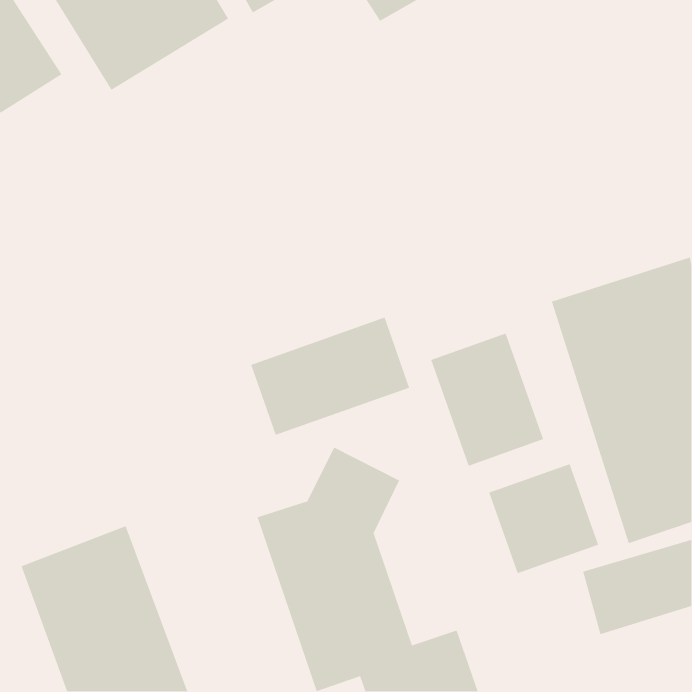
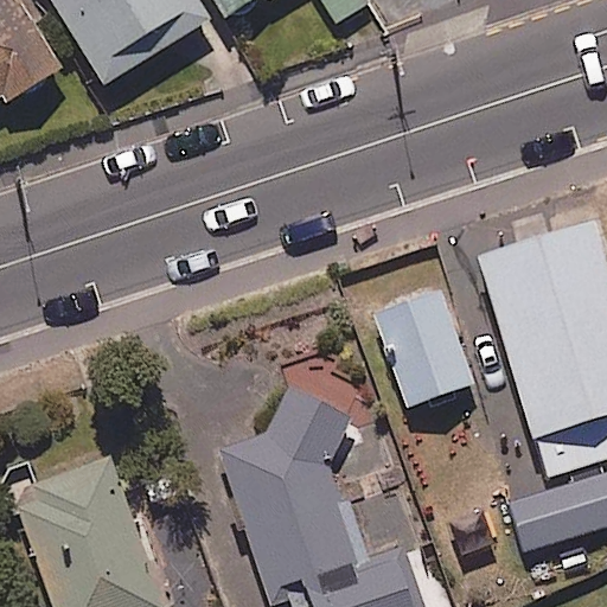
building: [250,317,410,436] -> none
building: [488,463,599,574] -> none

